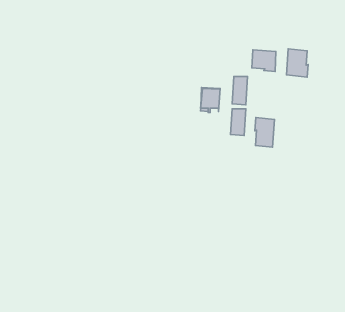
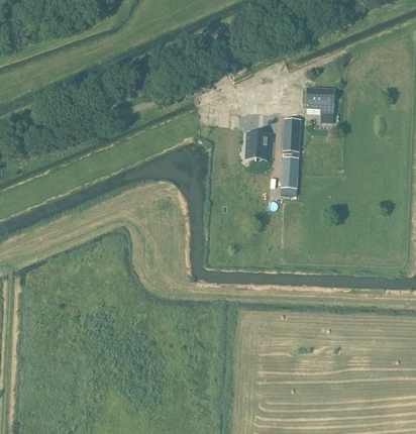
building: [286,49,308,77] -> none
building: [255,118,274,147] -> none

